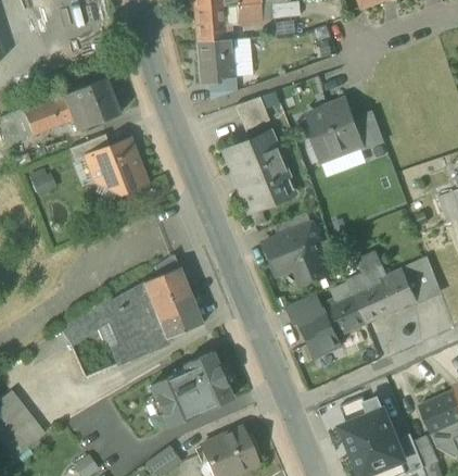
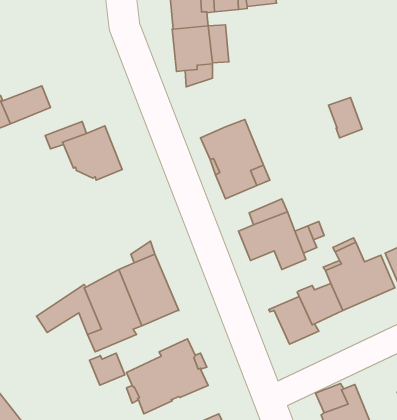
building: [64,79,119,131] -> none
building: [234,97,268,130] -> none
building: [309,102,360,160] -> none
building: [284,292,322,323] -> none
building: none -> [90,353,125,385]

